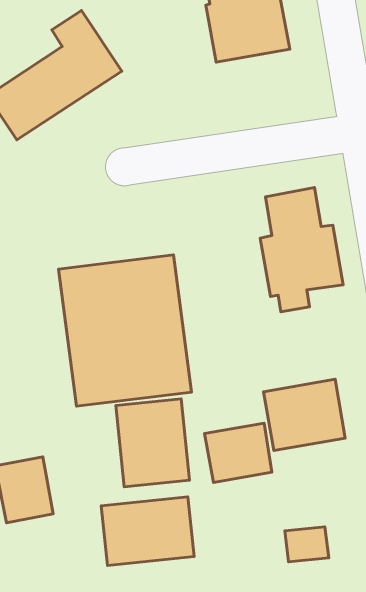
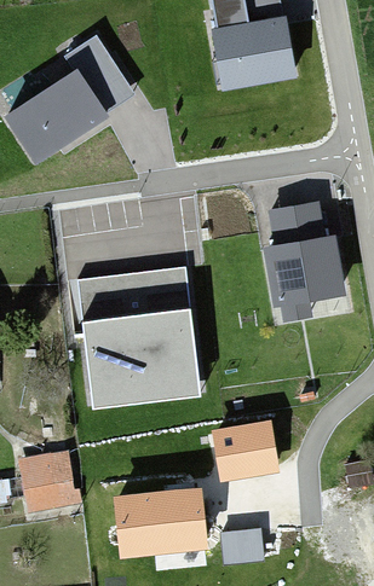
building: [264,379,345,451] -> none
building: [116,399,190,487] -> none
building: [285,527,329,562] -> [221,528,263,561]

